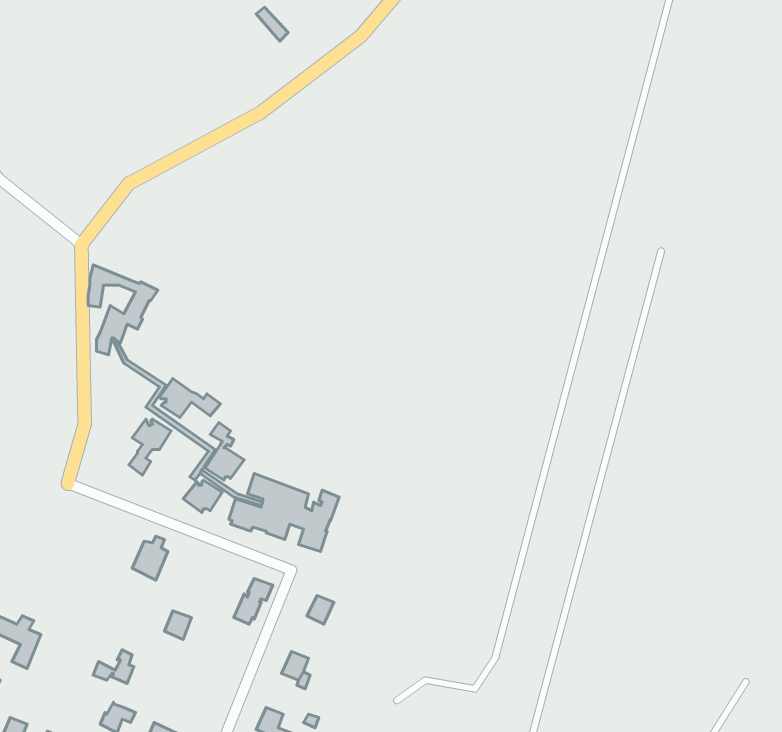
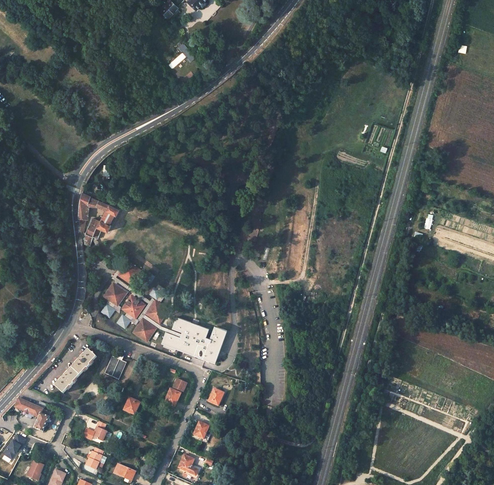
building: none -> [118,296,146,327]
building: none -> [54,348,96,392]

